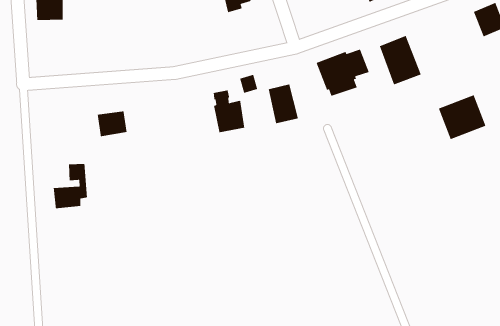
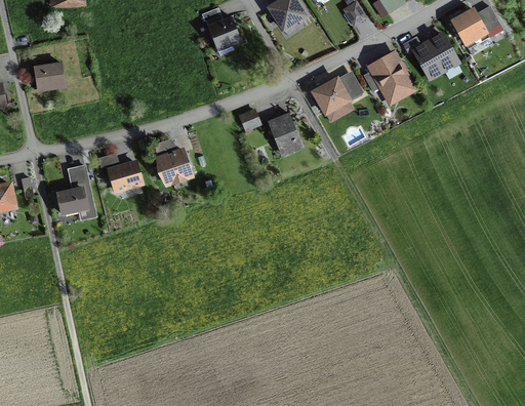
building: [213,89,245,133] -> [155,141,191,185]
building: [438,94,487,140] -> [411,30,460,77]
building: [53,163,88,209] -> [56,166,91,214]

